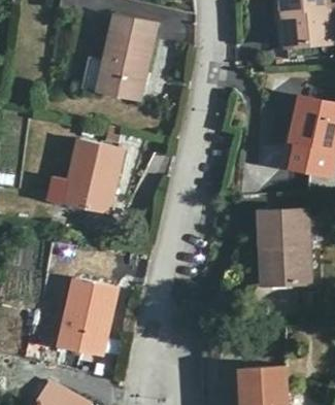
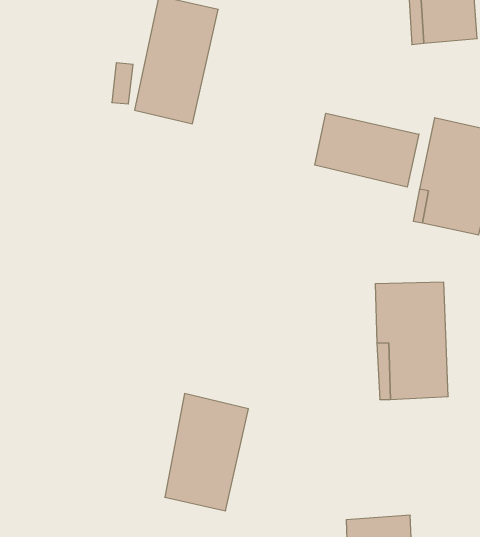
building: none -> [315,113,419,187]
building: [47,138,120,212] -> none
building: [58,276,114,356] -> [165,394,248,511]

